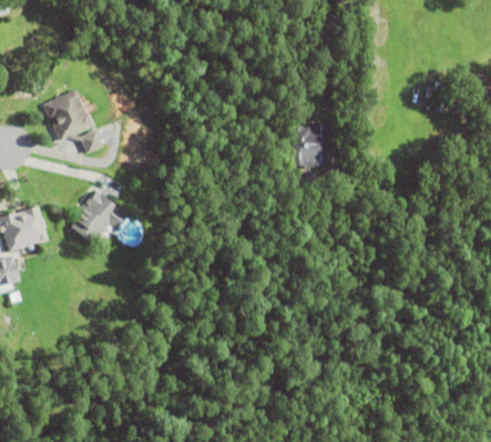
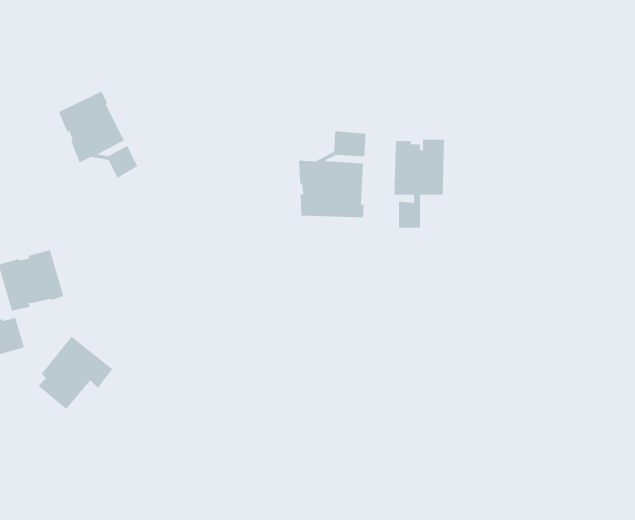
building: none -> [298,131,366,218]
building: [71,190,126,244] -> [38,336,113,410]

